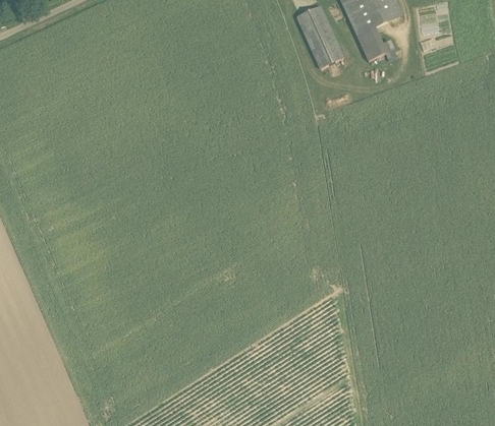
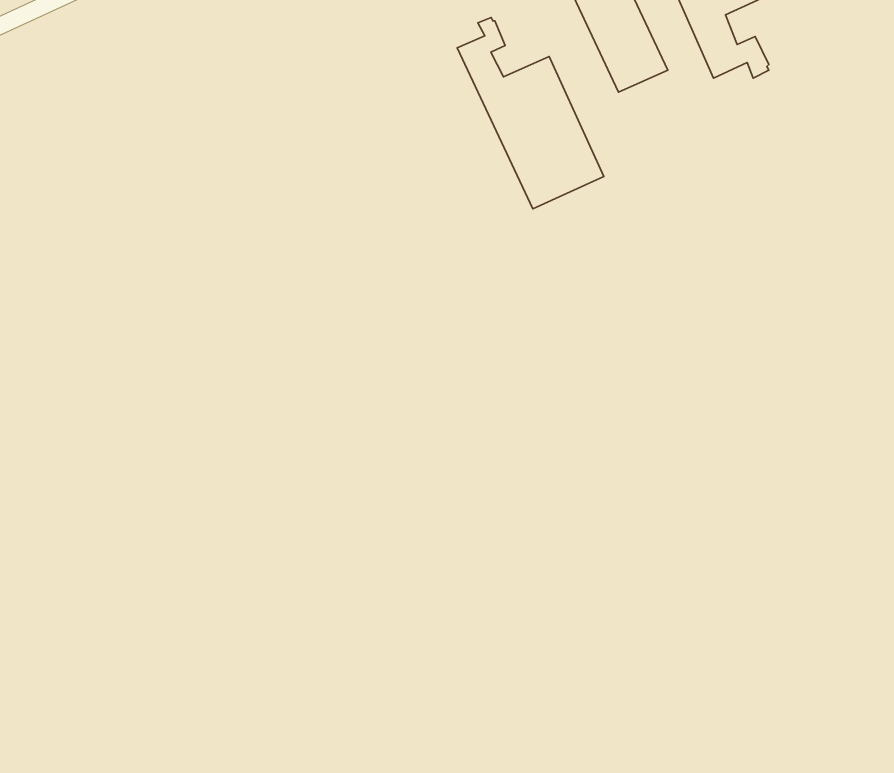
building: none -> [457,17,604,209]

